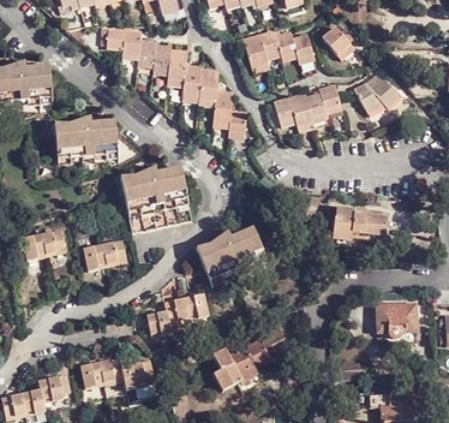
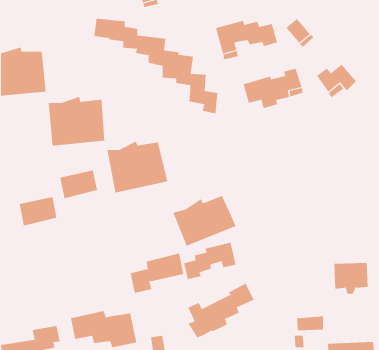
building: [331,205,387,240] -> none
building: [83,239,126,272] -> [59,170,98,199]
building: none -> [184,242,236,280]

